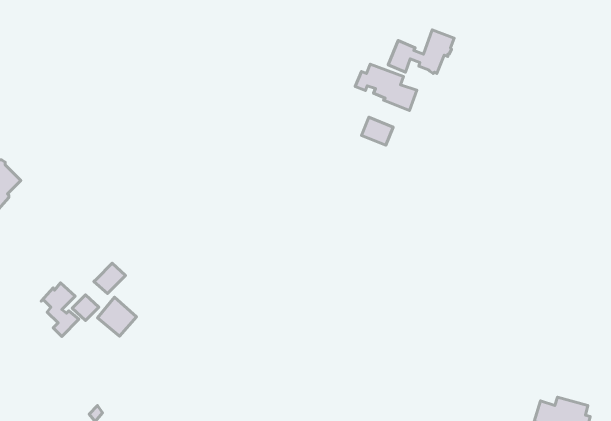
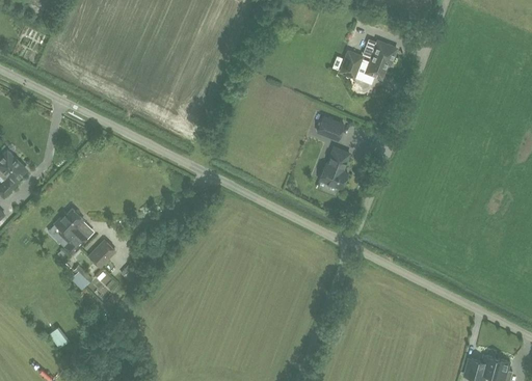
building: [355,64,417,110] -> none
building: none -> [318,147,348,189]
building: [41,283,79,336] -> [54,209,86,254]

